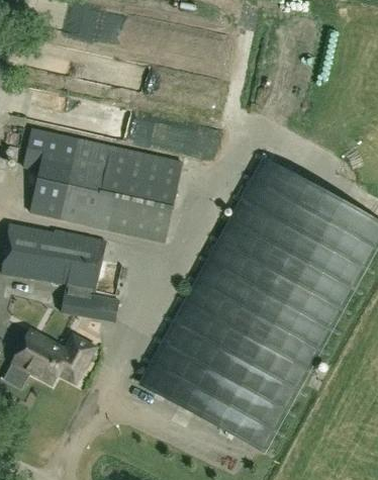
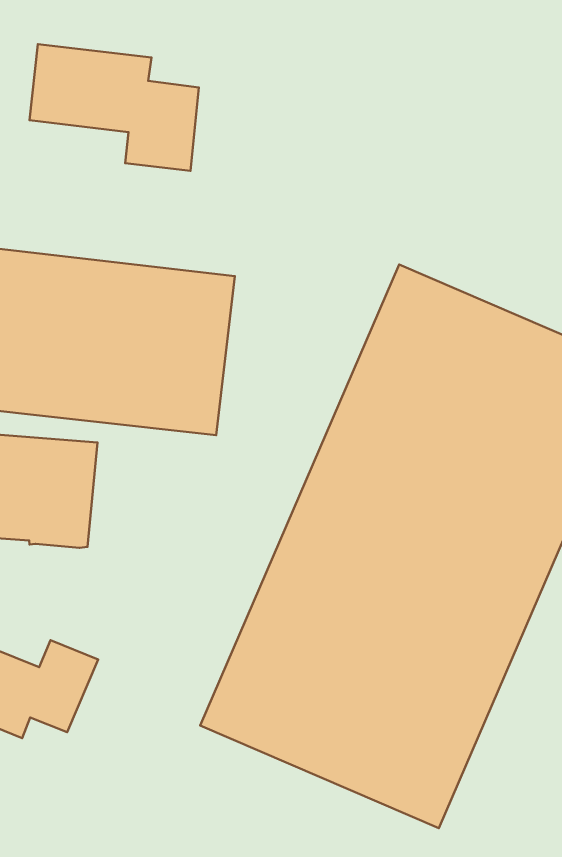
building: none -> [29,44,199,171]
building: [61,286,119,322] -> none

